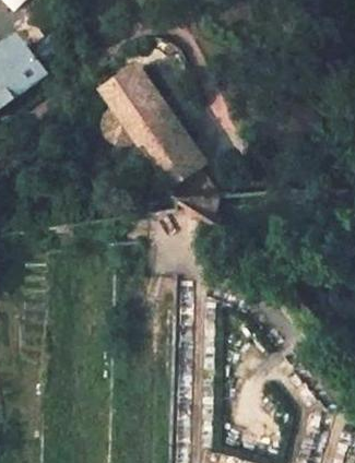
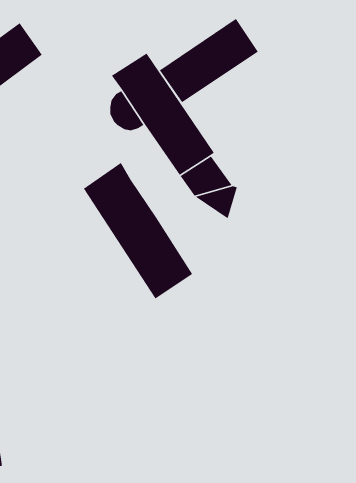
building: none -> [159,18,259,103]
building: none -> [83,162,193,299]

